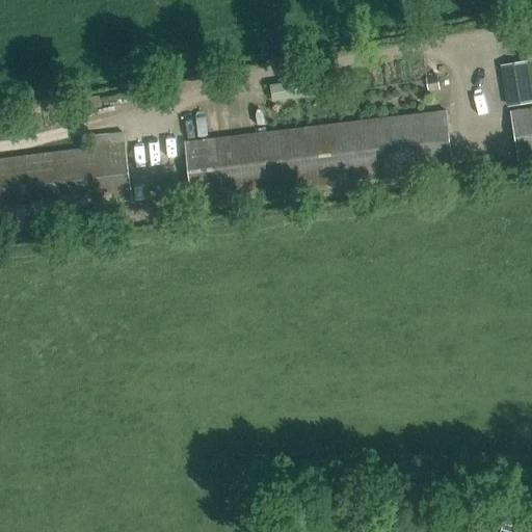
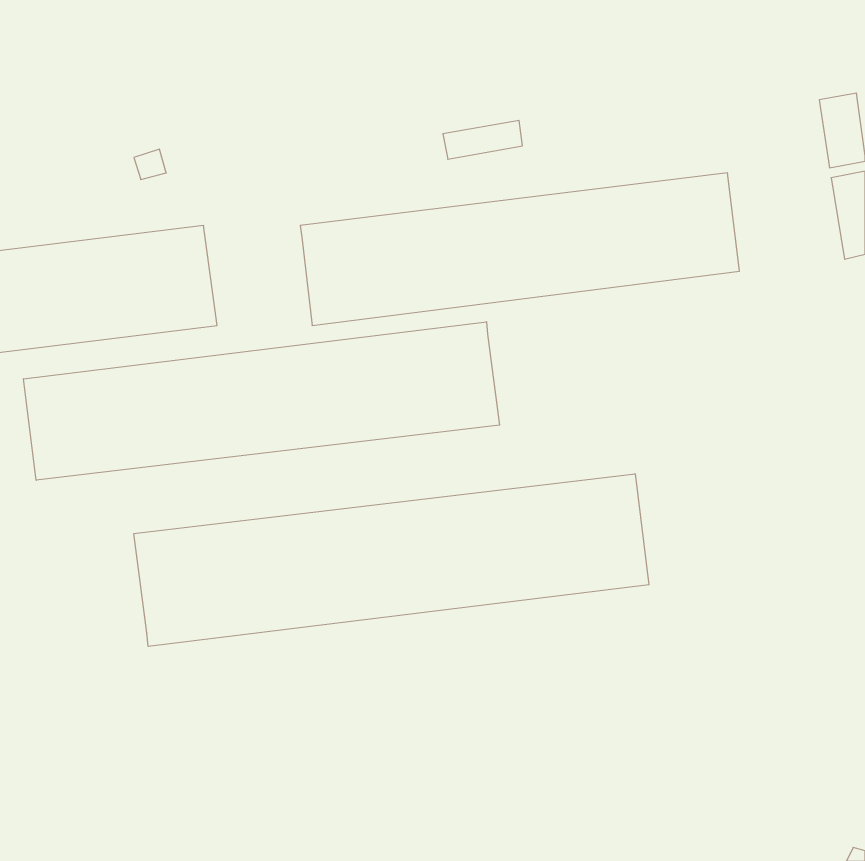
building: none -> [23,322,500,480]
building: none -> [134,474,649,646]

